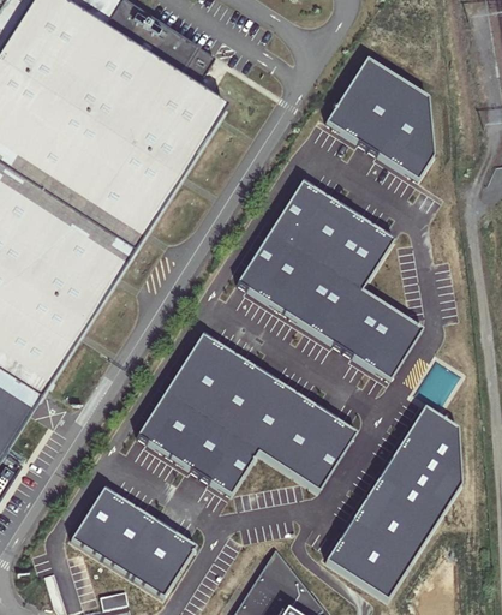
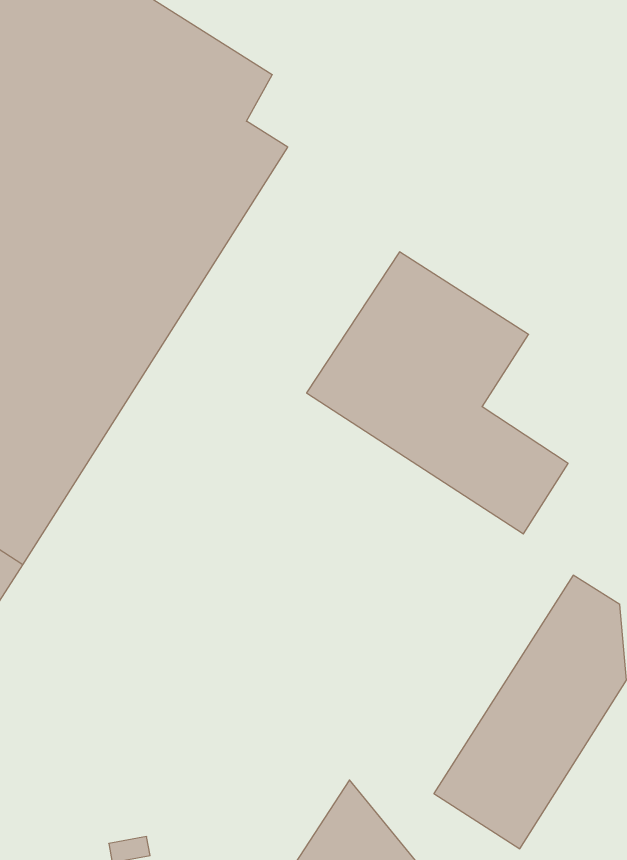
building: [327,56,434,177] -> none
building: [138,334,354,490] -> none
building: [72,485,195,595] -> none

